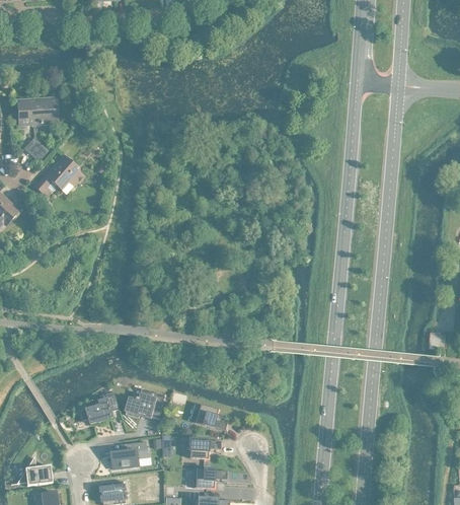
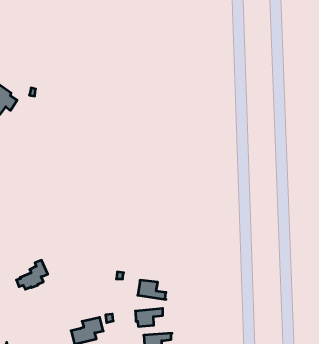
building: [124,386,165,418] -> none
building: [81,390,119,422] -> [16,260,48,289]

